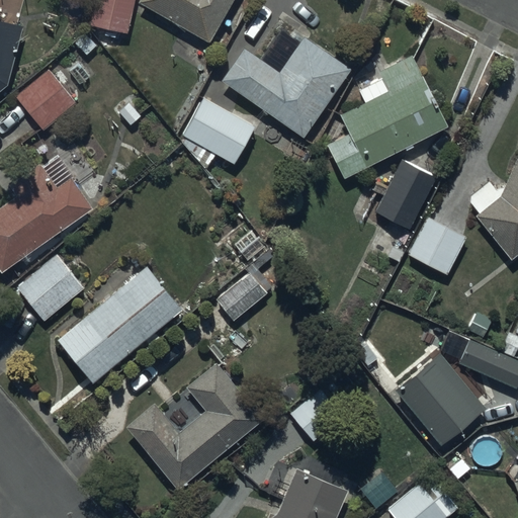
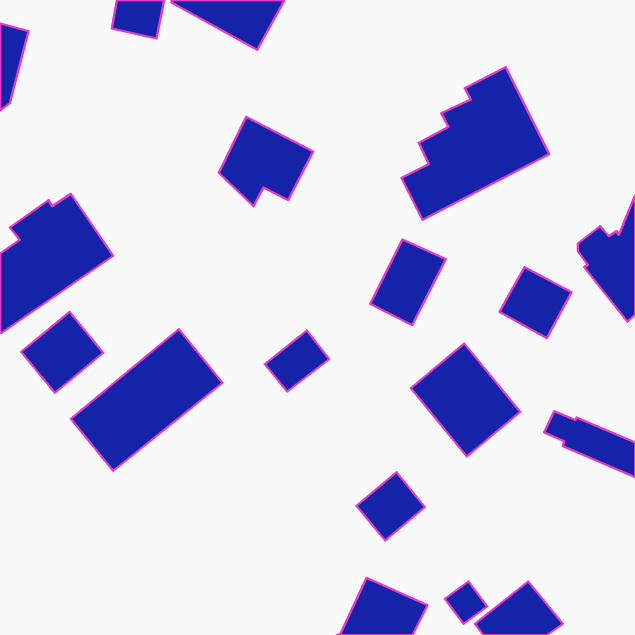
building: [223,31,353,137] -> none
building: [14,68,75,127] -> none
building: [375,161,437,231] -> [370,239,446,325]
building: [397,354,486,446] -> [411,343,520,456]
building: [127,363,264,488] -> none

